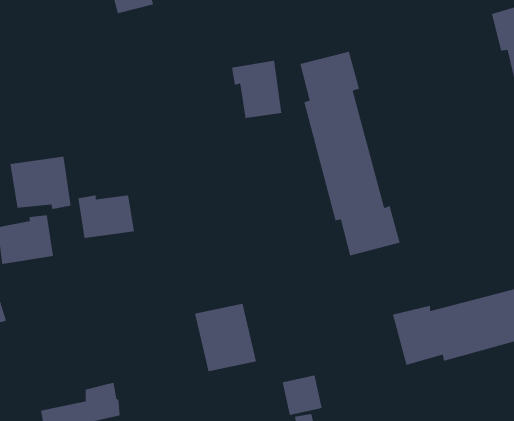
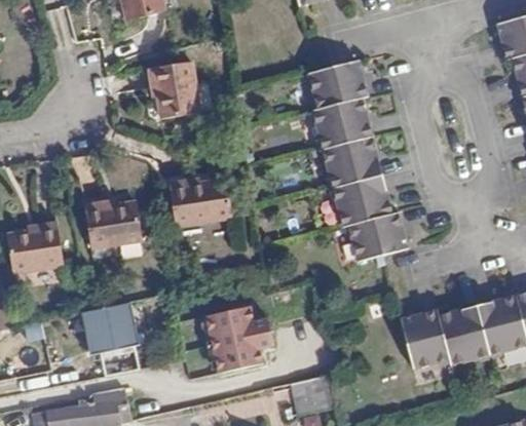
building: [231,60,282,118] -> [149,64,199,121]
building: [10,156,71,210] -> none
building: none -> [170,179,231,227]
building: none -> [81,303,138,355]

